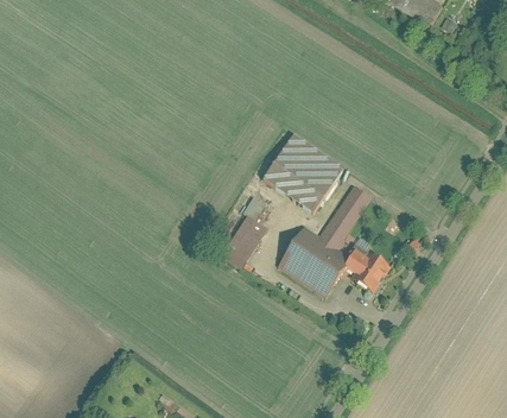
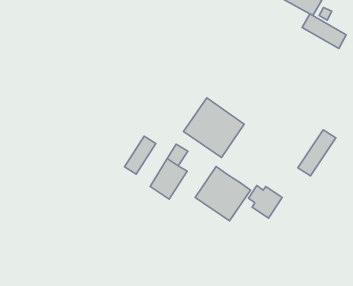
building: none -> [302,14,346,48]
building: none -> [124,136,156,174]
building: [321,185,370,246] -> [298,130,336,176]

